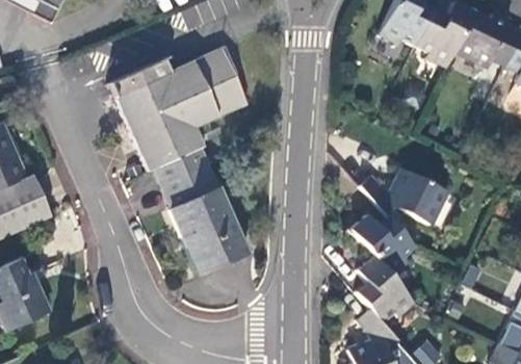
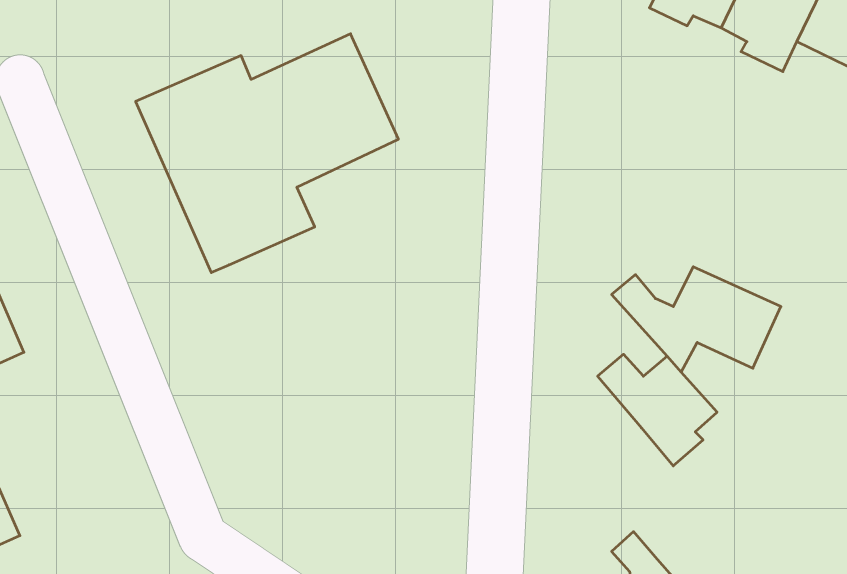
building: [157,150,246,271] -> none
building: [355,255,413,323] -> none

